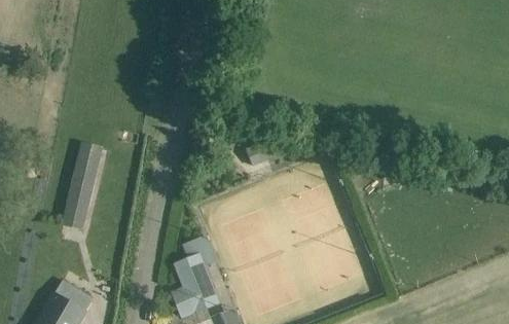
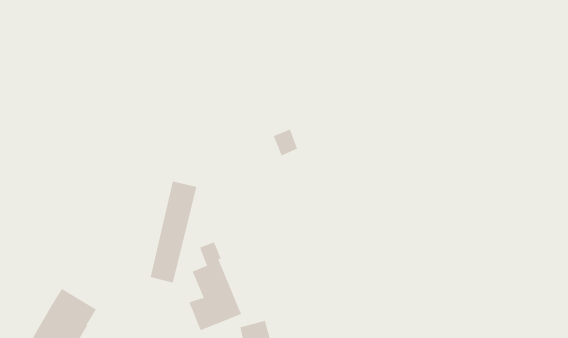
building: [61,143,102,231] -> [150,181,197,283]

